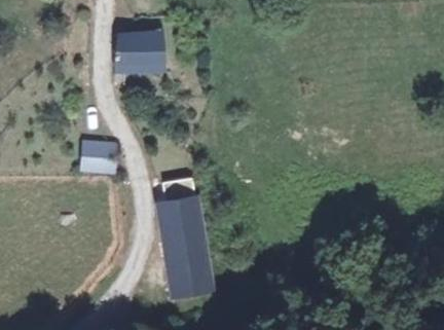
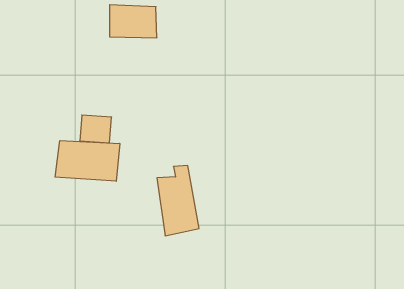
building: none -> [55,141,120,181]
building: [172,259,210,294] -> none

